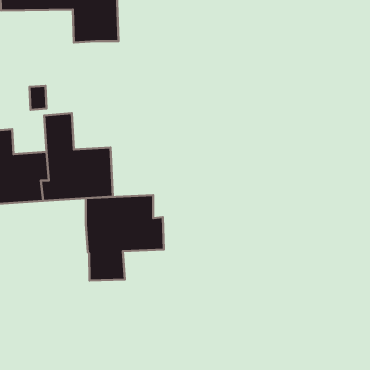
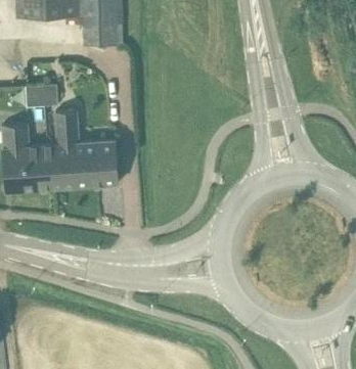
building: [86,195,164,281] -> none

